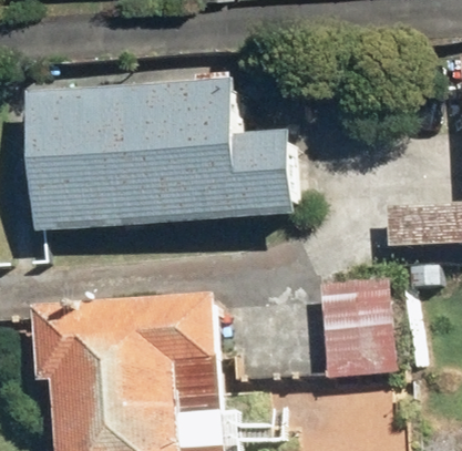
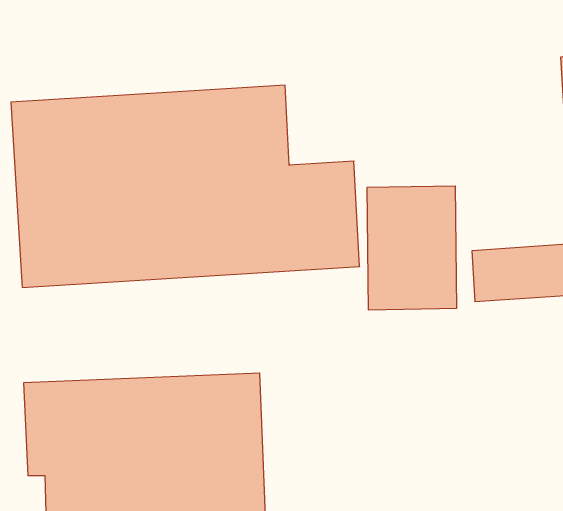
building: [324,283,394,380] -> [367,186,457,310]

